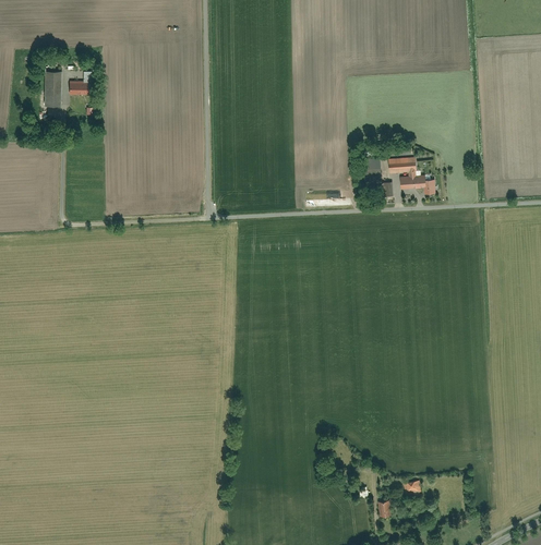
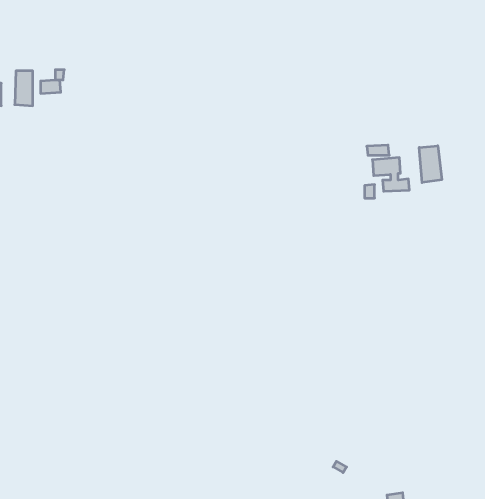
building: none -> [419,146,442,183]

